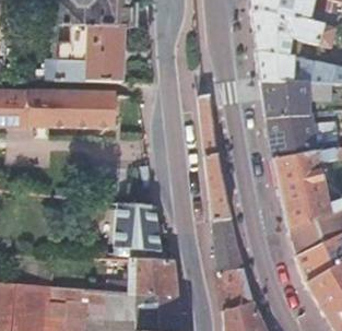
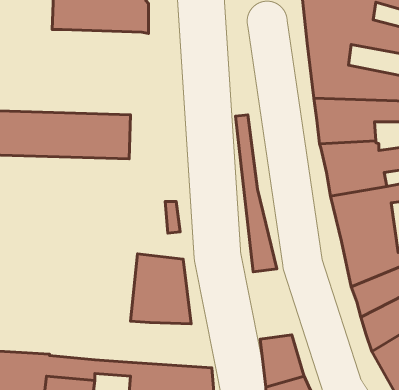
building: [44,26,123,83] -> none
building: [212,216,243,272] -> none
building: [116,259,179,295] -> none

